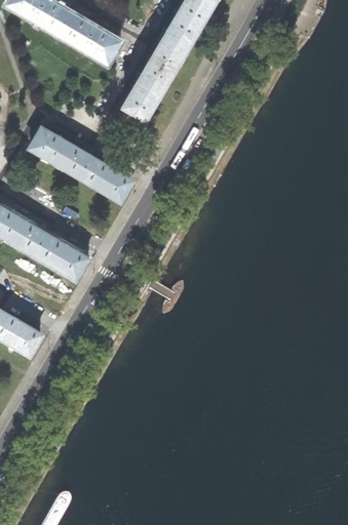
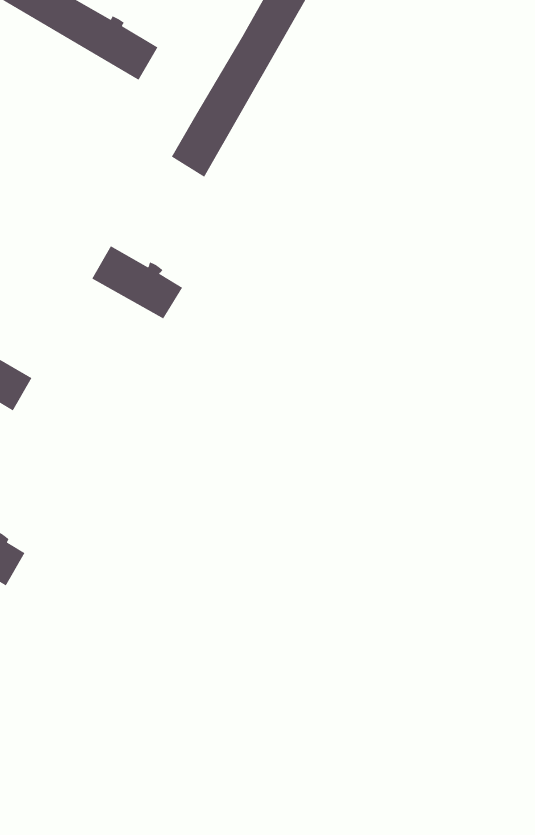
building: [31,128,90,175] -> none
building: [34,233,87,276] -> none

